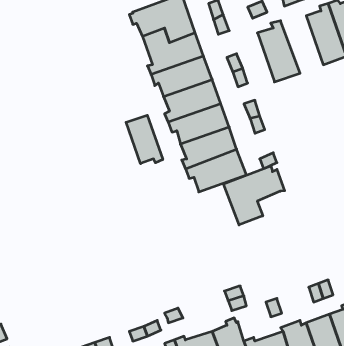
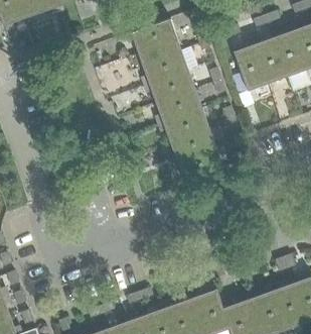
building: none -> [252,36,287,84]
building: [126,115,163,164] -> none
building: [224,166,285,225] -> none

